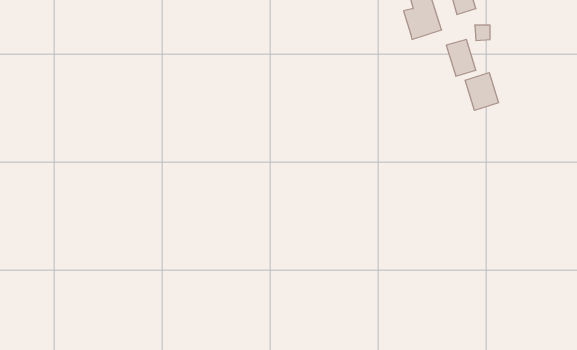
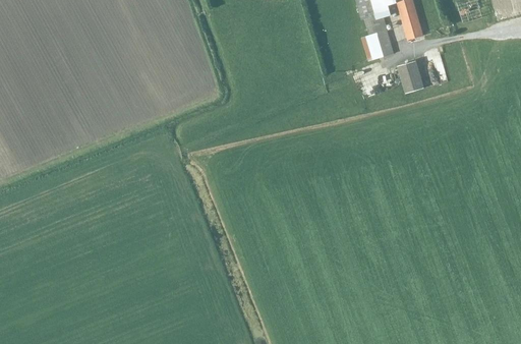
building: [465,73,498,110] -> none

